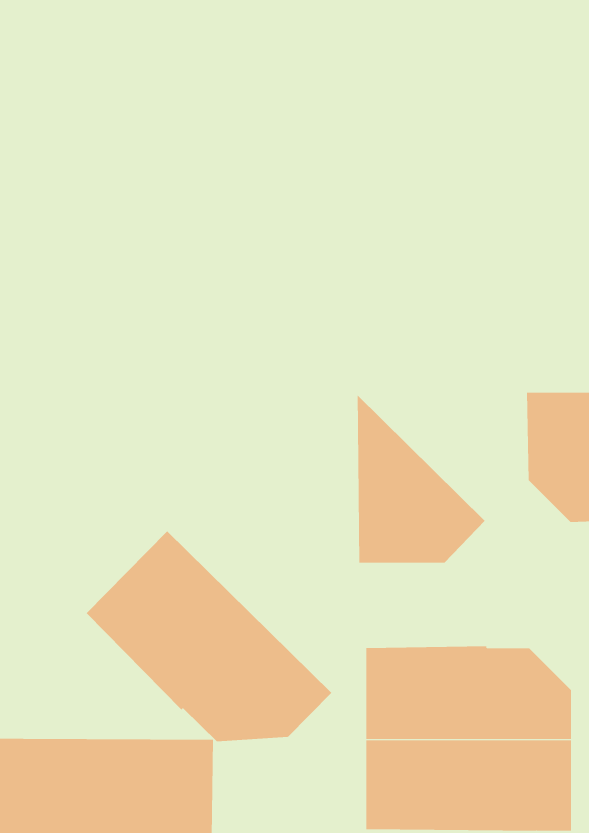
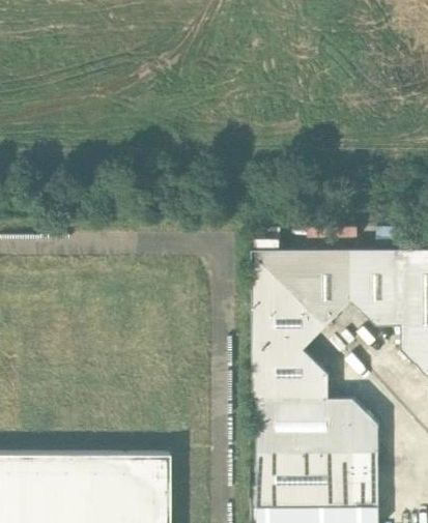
building: none -> [252,251,352,326]
building: [86,530,332,742] -> none
building: none -> [253,351,329,401]

